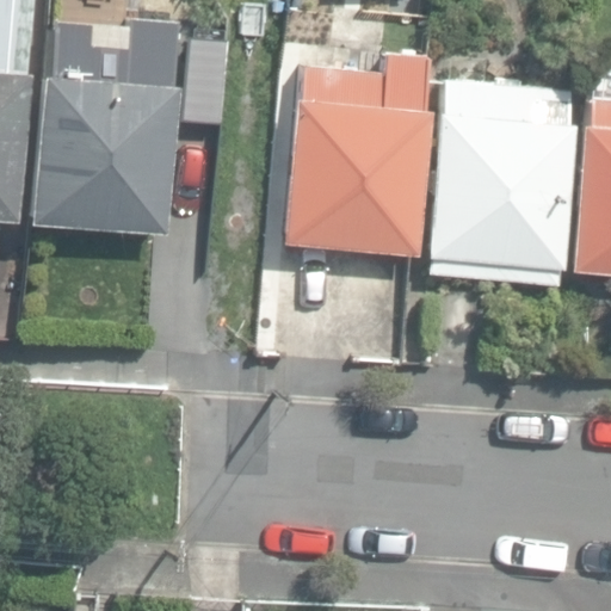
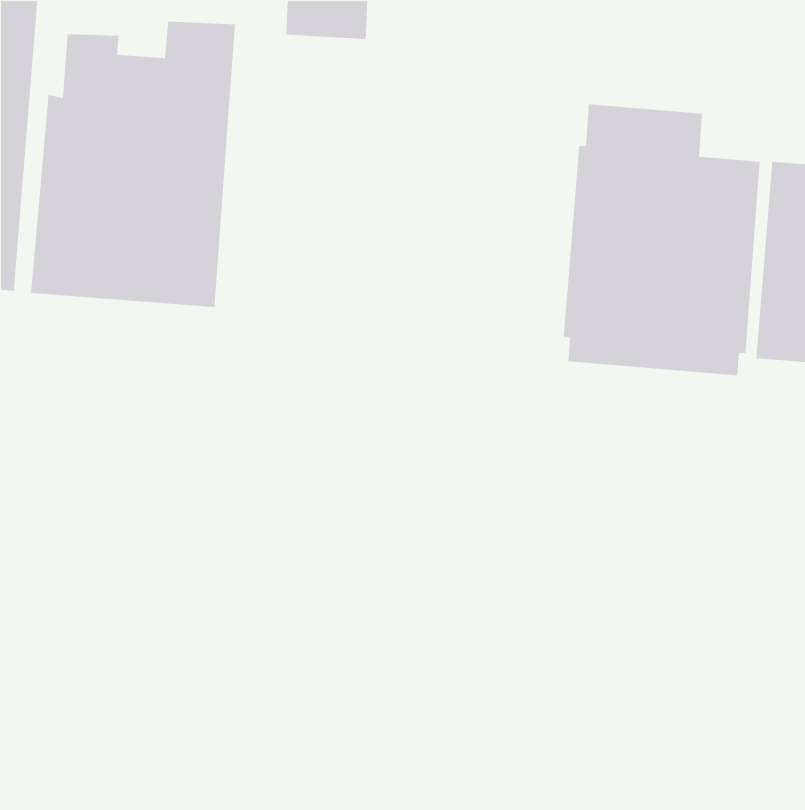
building: [283,53,432,254] -> none

